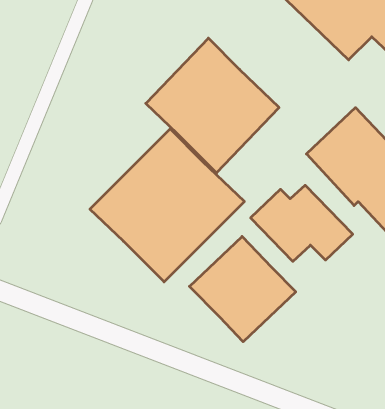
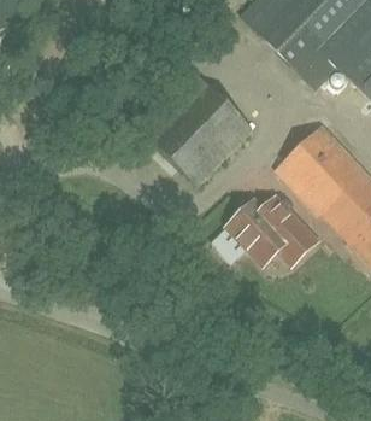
building: [90,129,244,282] -> none
building: [189,236,296,342] -> none

